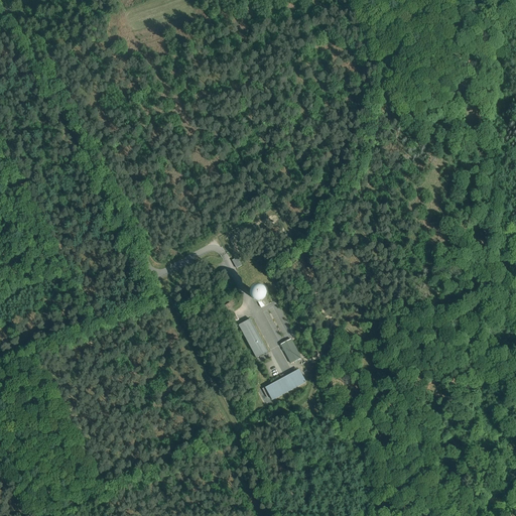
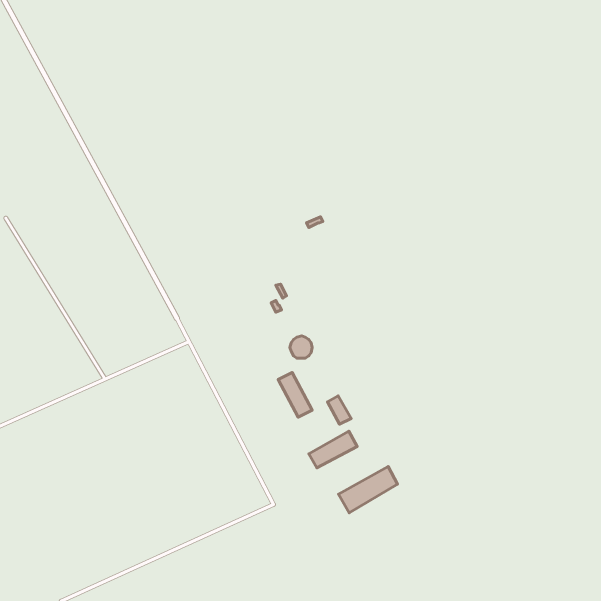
building: none -> [338,467,398,513]

